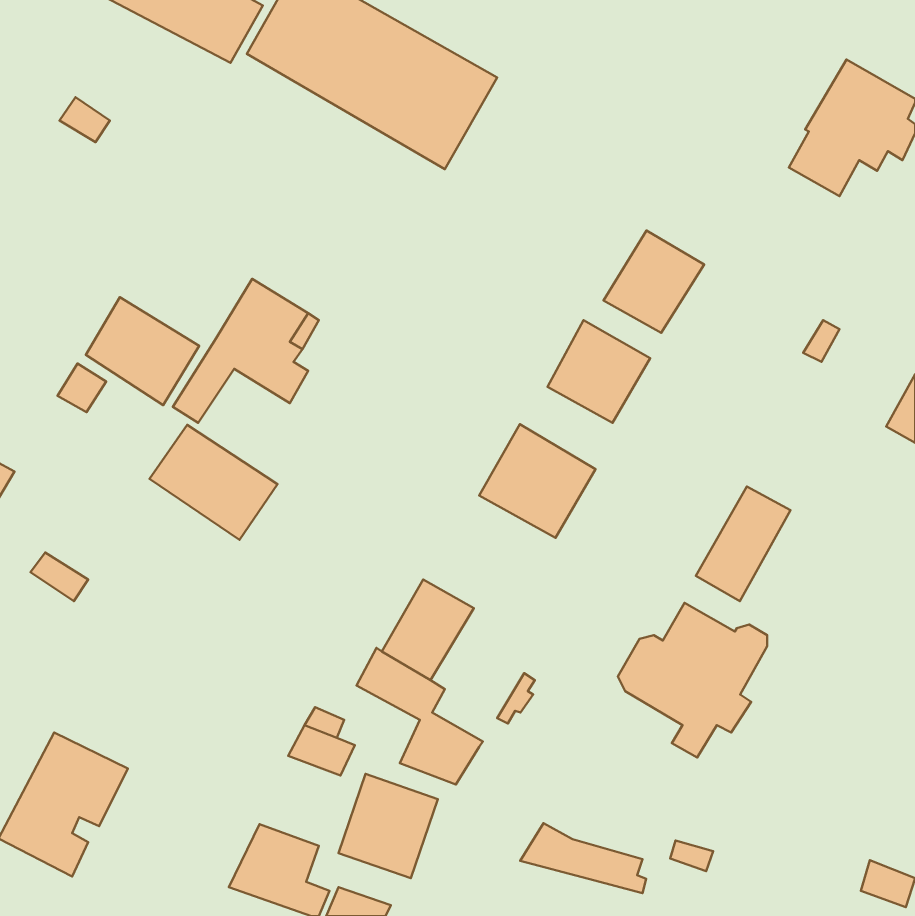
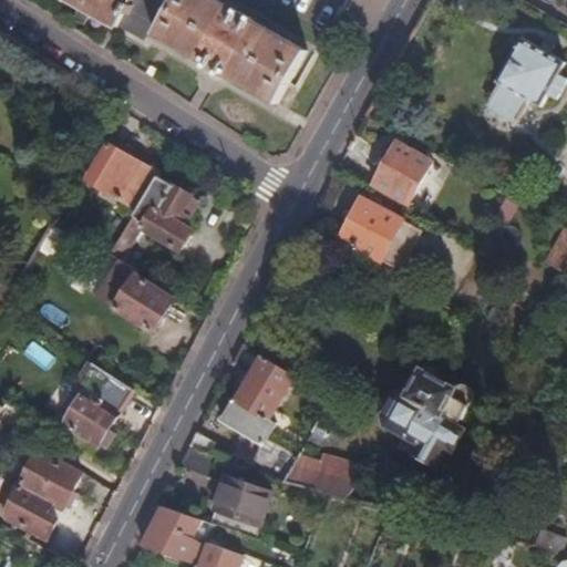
building: [86,297,199,405] -> [85,142,155,208]
building: [479,424,596,538] -> none
building: [696,487,790,601] -> none
building: none -> [60,363,130,446]
building: [520,823,646,893] -> [280,460,358,503]

